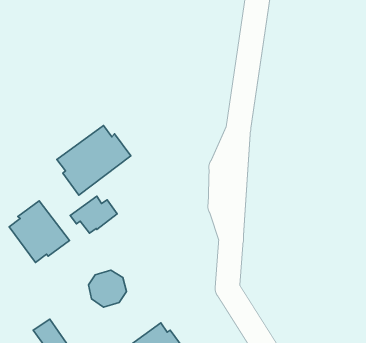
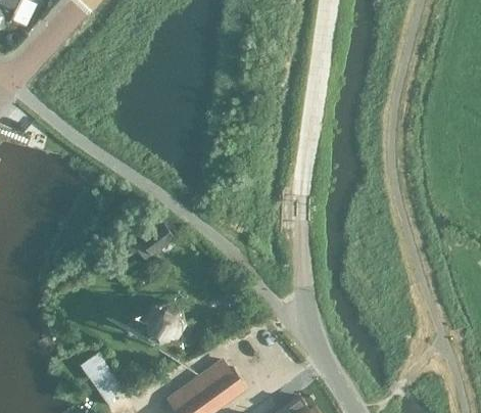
building: [57,126,131,195] -> none
building: [9,201,70,262] -> none

